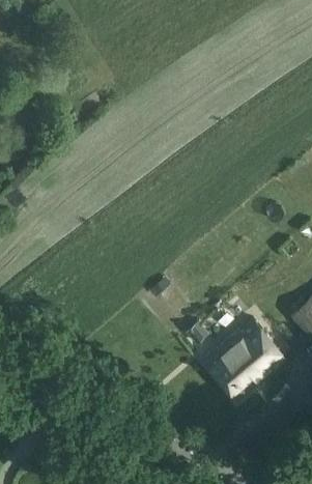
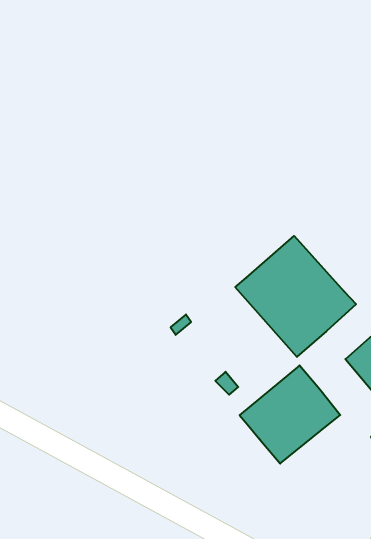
building: none -> [235,236,356,357]

